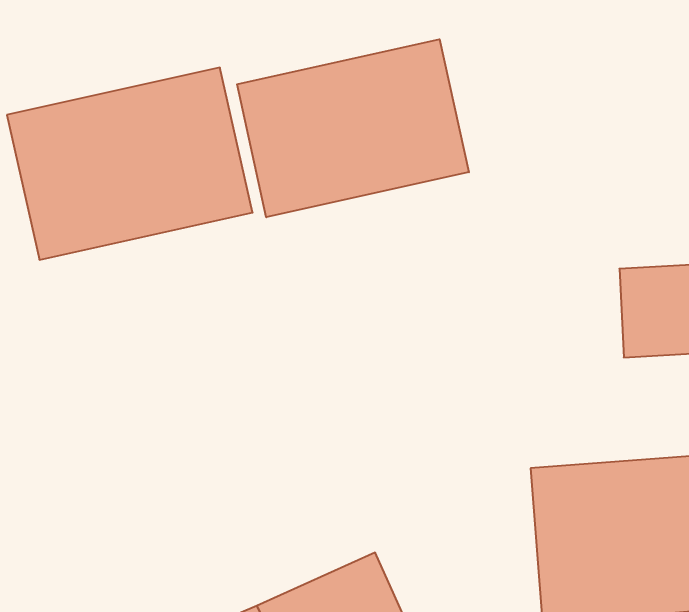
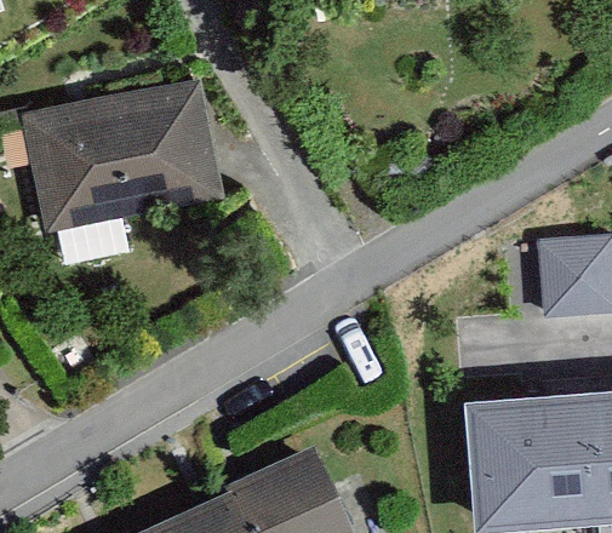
building: [237,39,469,217] -> none

